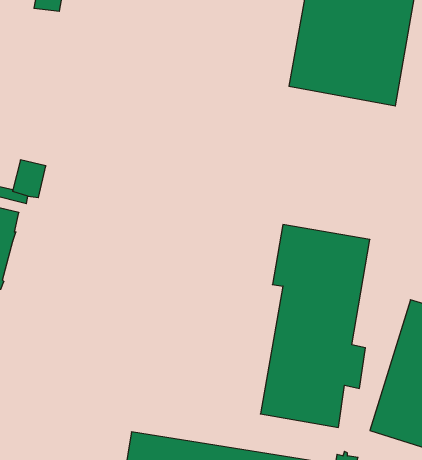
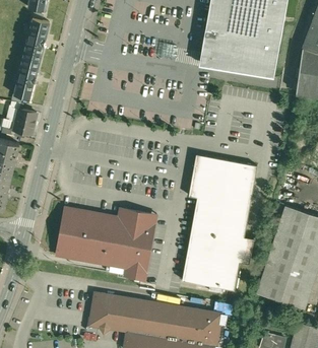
building: none -> [13,19,50,98]
building: none -> [56,207,156,280]

